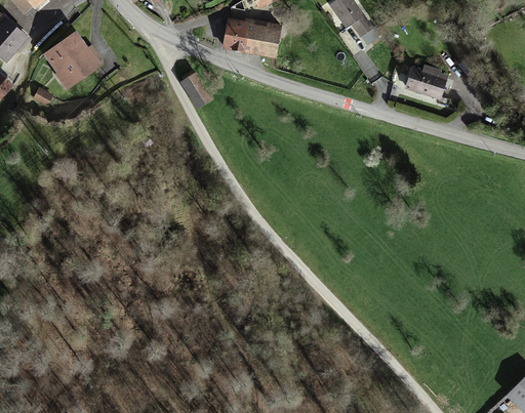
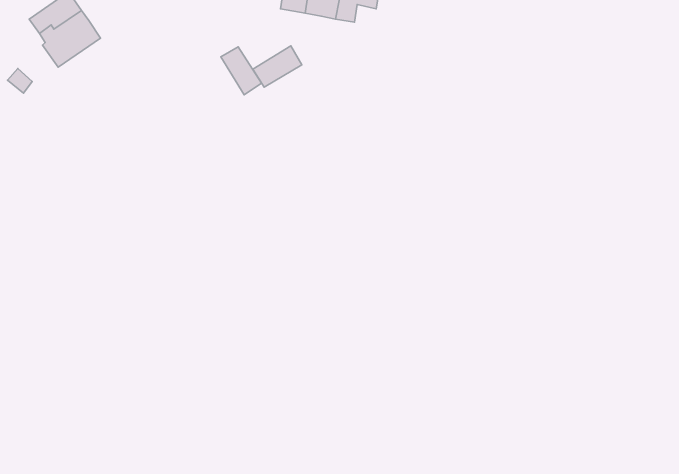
building: [410,64,448,90] -> none
building: none -> [253,46,302,87]

